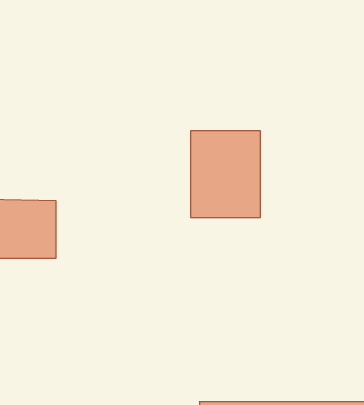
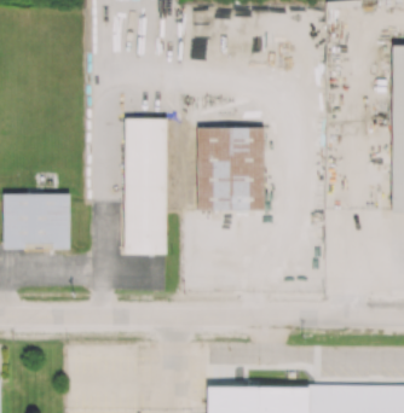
building: none -> [123,118,166,254]

